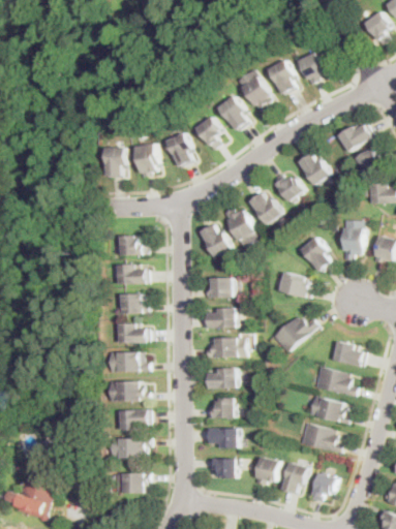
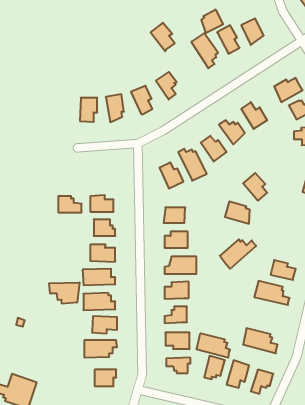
building: none -> [201,9,223,33]
building: [218,97,247,131] -> [151,23,175,51]
building: [341,220,363,259] -> none
building: [118,236,146,255] -> [58,196,82,212]
building: none -> [49,282,79,304]
building: [308,396,348,425] -> [196,333,230,358]

